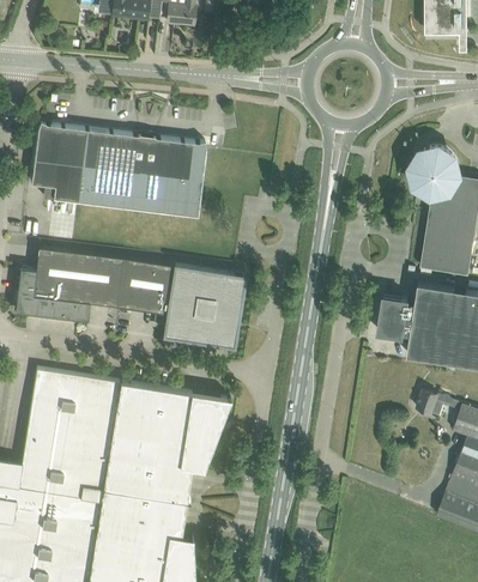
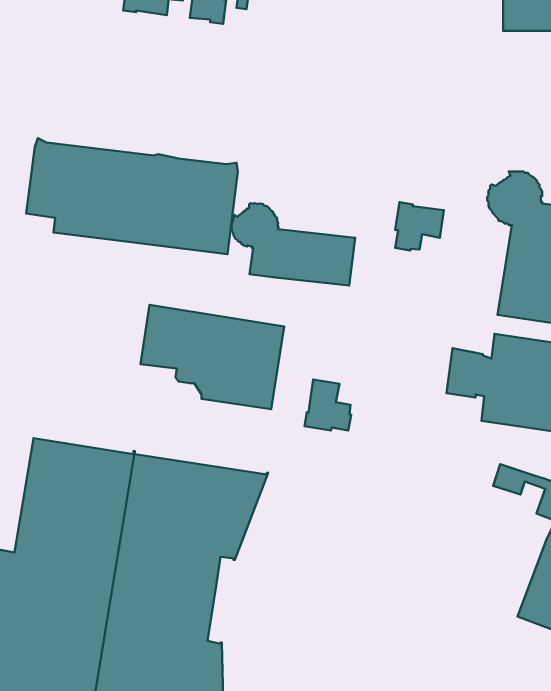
building: none -> [395,202,444,250]
building: none -> [231,203,355,285]
building: [16,248,133,321] -> none
building: none -> [304,379,351,431]

